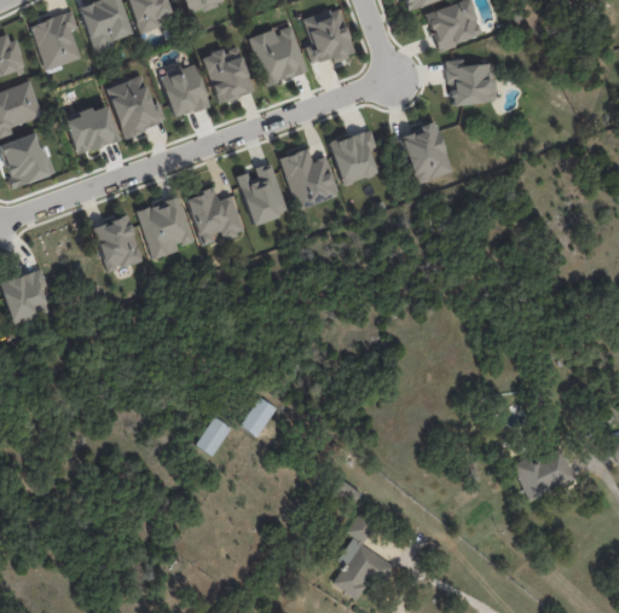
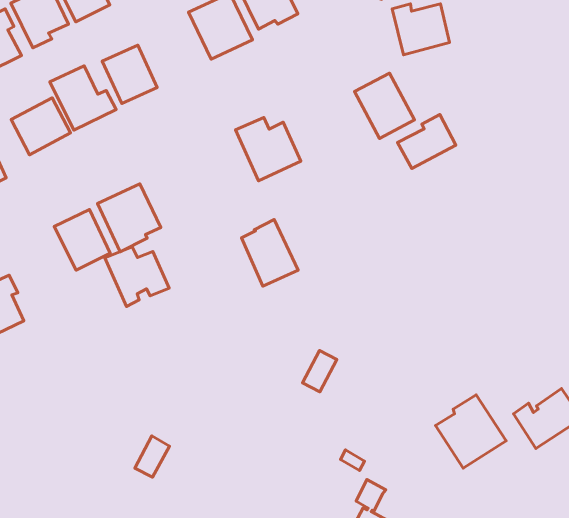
building: [202,46,254,104] -> none
building: [328,129,378,185] -> none
building: [237,162,288,225] -> [241,220,298,286]
building: none -> [398,115,456,168]
building: [186,189,244,245] -> [105,247,169,307]
building: [242,398,278,438] -> [303,351,337,392]
building: [196,417,232,457] -> [135,436,170,477]
building: none -> [435,395,506,468]

